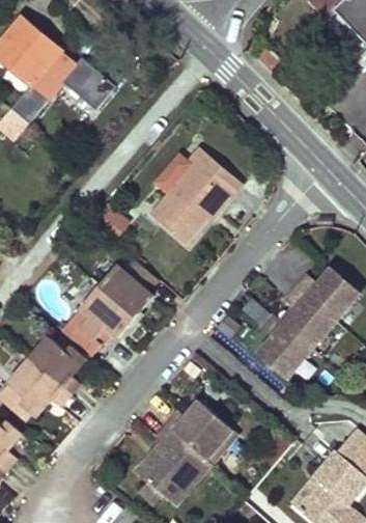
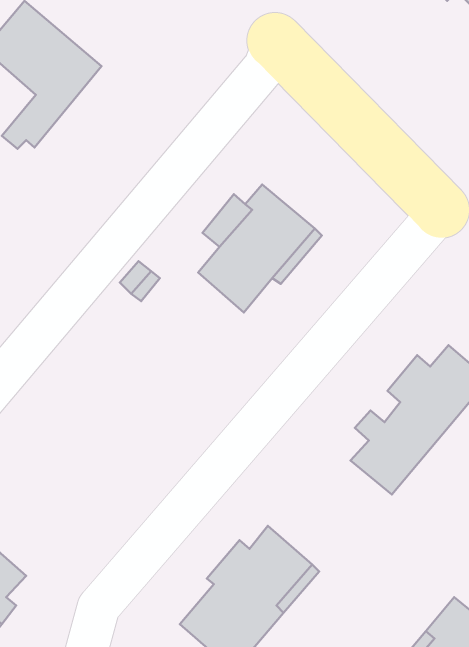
building: [79,265,153,345] -> none
building: [7,338,85,418] -> none

